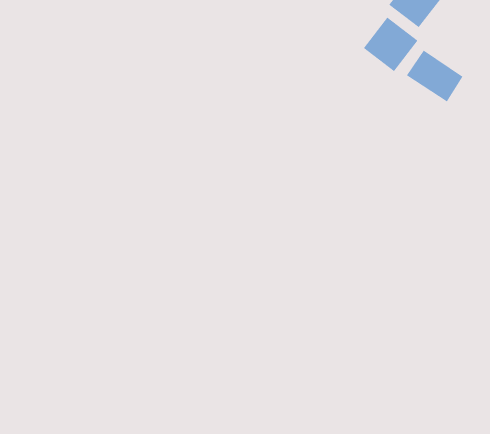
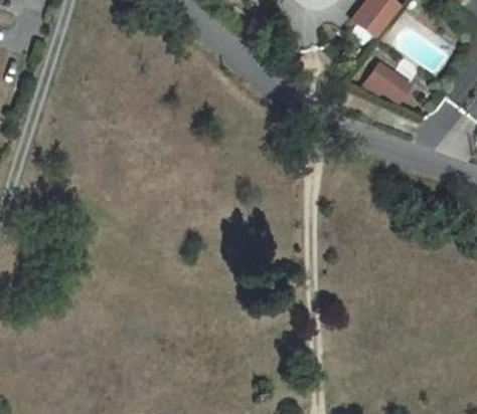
building: [363,16,419,72] -> none

